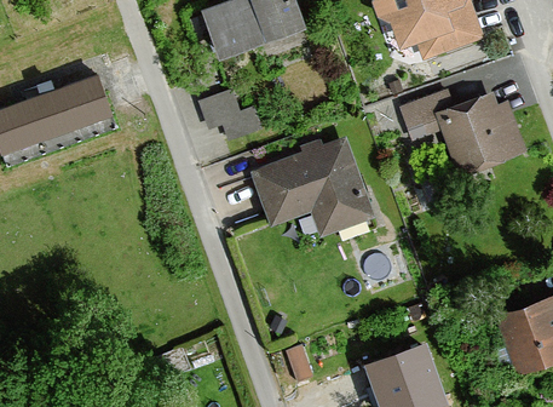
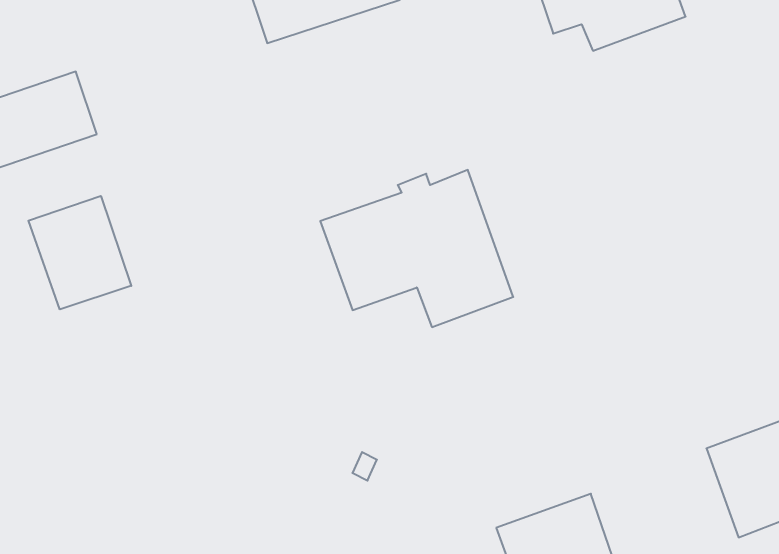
building: [403,90,515,174] -> none
building: [201,91,265,141] -> none
building: none -> [28,196,131,309]

